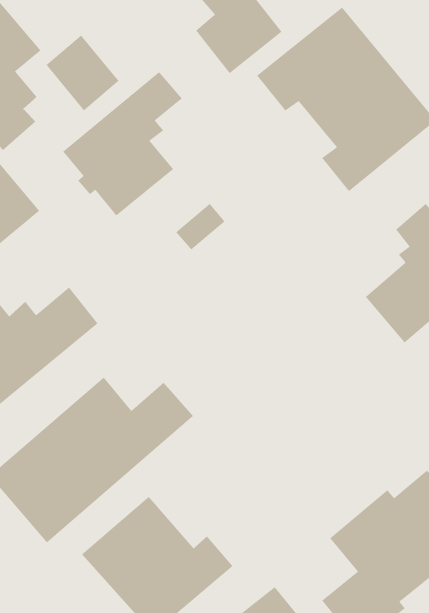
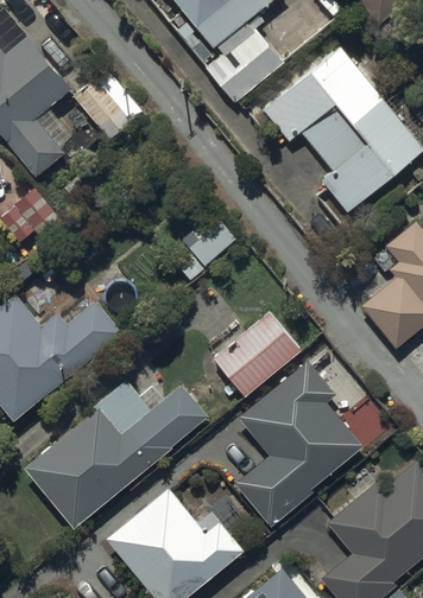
building: [62,71,183,217] -> none
building: none -> [197,314,321,411]
building: none -> [235,363,361,528]

